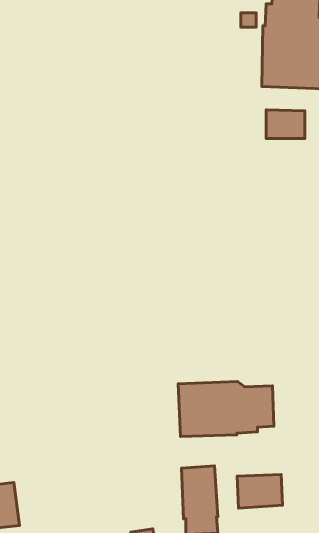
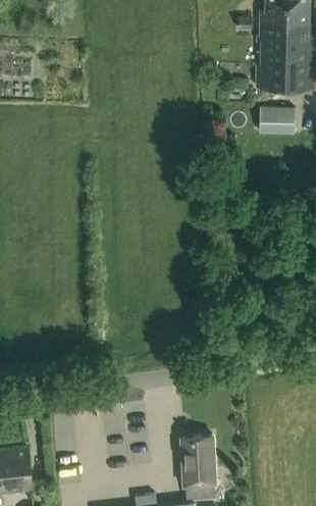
building: [178,381,274,437] -> none
building: [237,474,283,508] -> none

